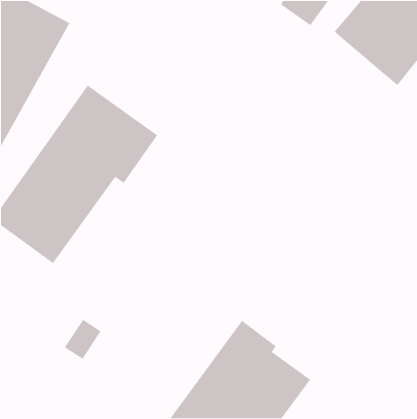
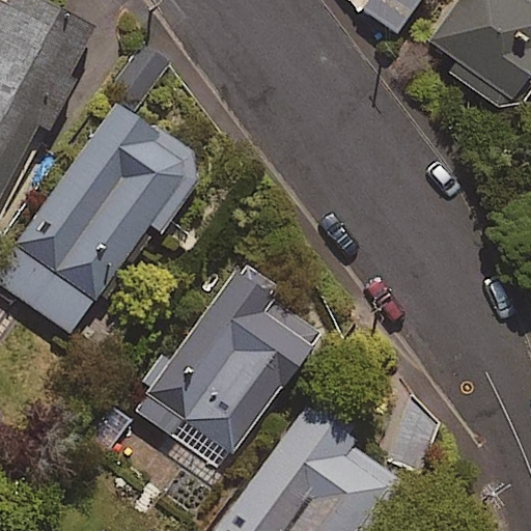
building: none -> [130,262,320,454]

